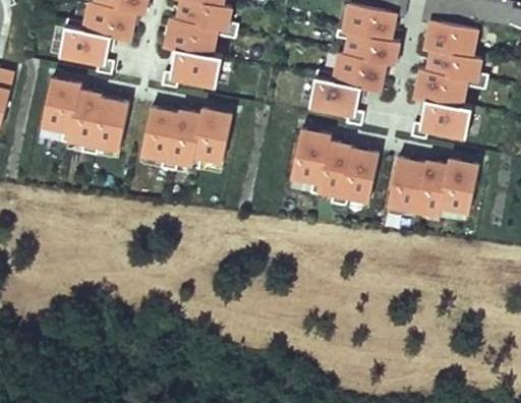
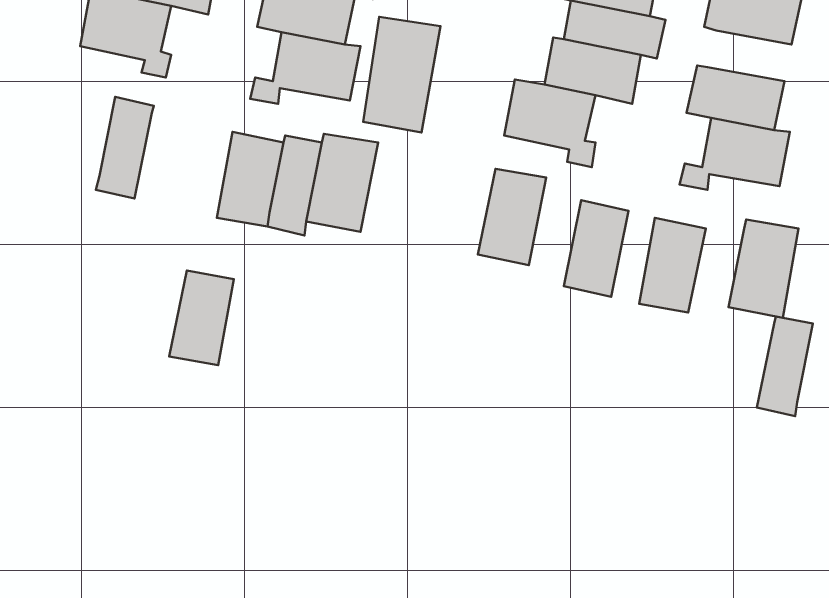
building: none -> [363,17,440,132]
building: [424,49,483,80] -> none
building: [43,77,81,133] -> none
building: [92,97,129,152] -> [169,270,234,365]
building: [319,139,352,197] -> none
building: [413,160,446,218] -> [757,316,813,416]

